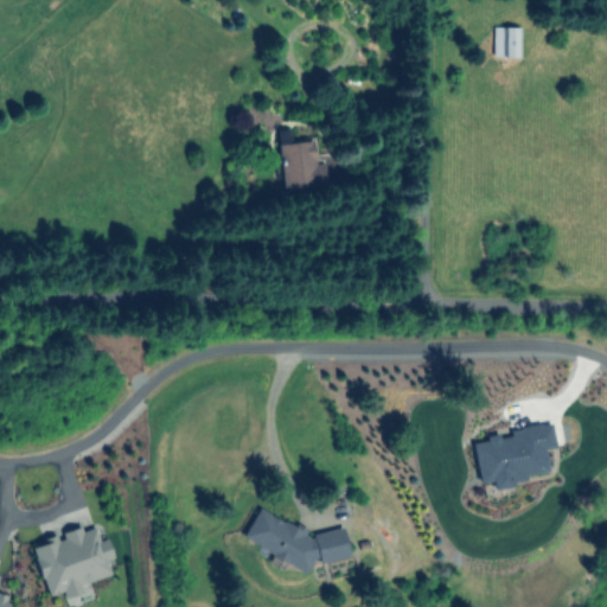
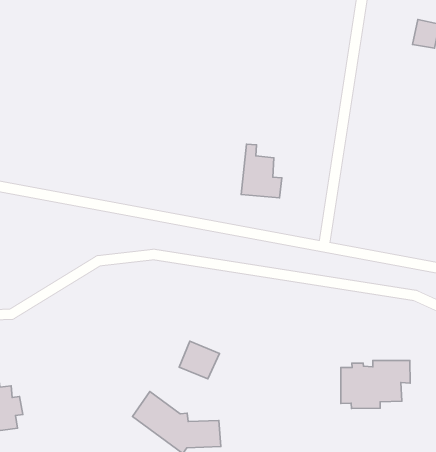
building: [281,129,330,190] -> [241,144,282,198]
building: none -> [179,341,220,379]

